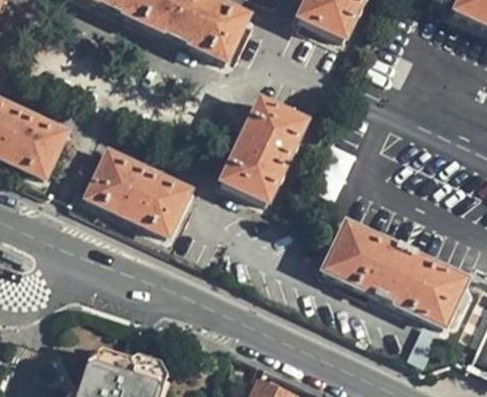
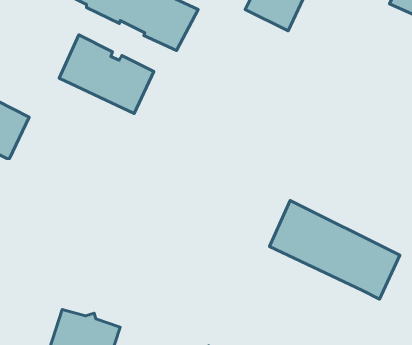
building: [222,102,306,204] -> none
building: [88,151,189,235] -> [59,35,154,114]

